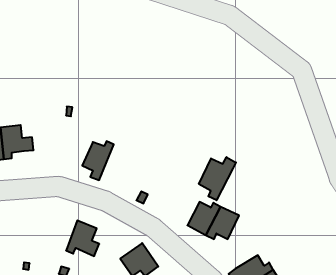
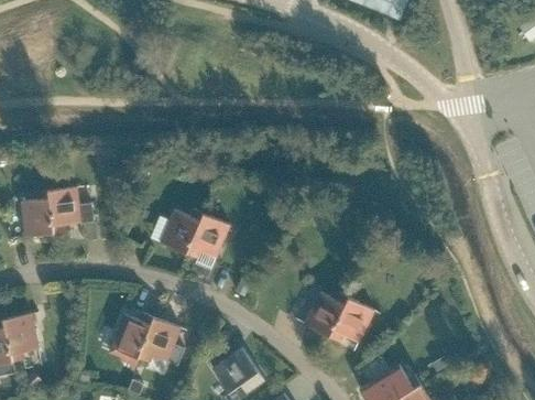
building: none -> [187,214,230,259]
building: [199,157,236,200] -> none
building: none -> [110,313,154,367]

